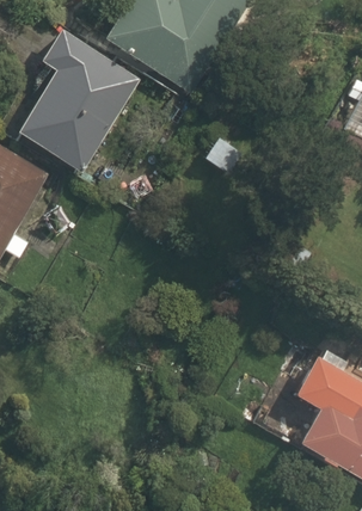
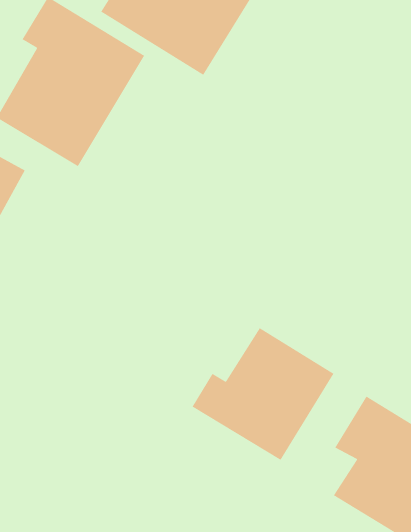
building: none -> [191,327,335,461]

